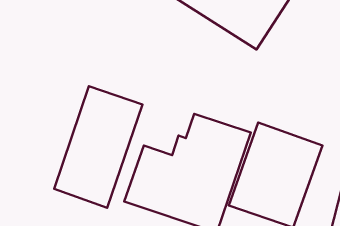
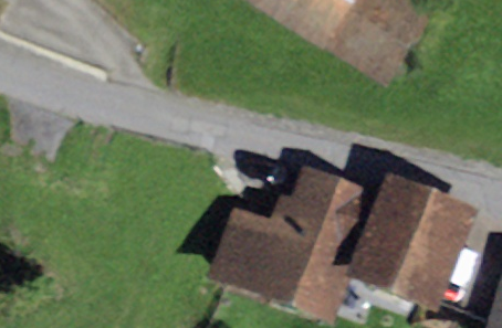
building: [54,86,142,208] -> none

